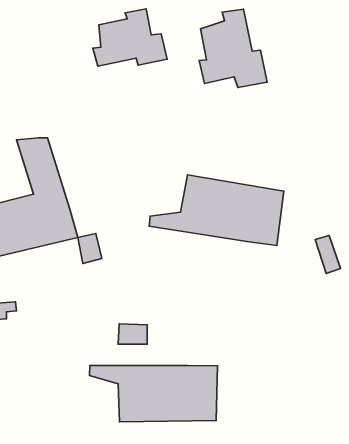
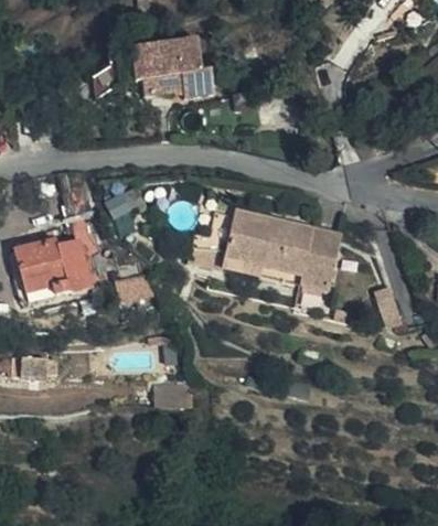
building: [199,9,267,87] -> none
building: [89,365,217,422] -> none

